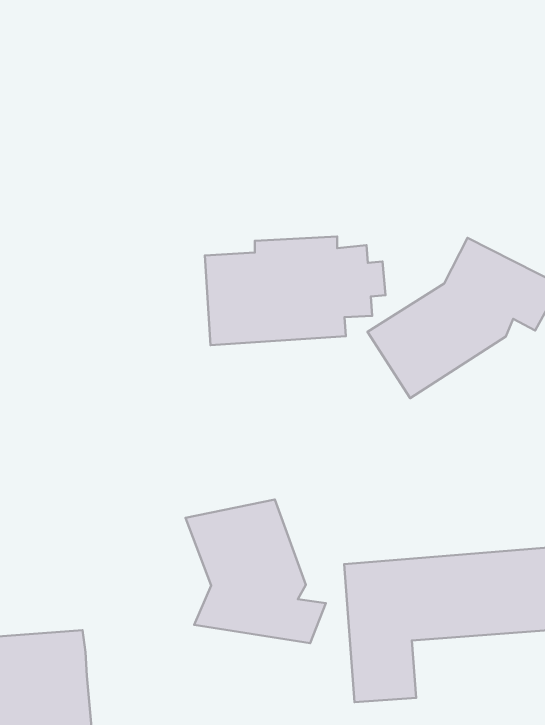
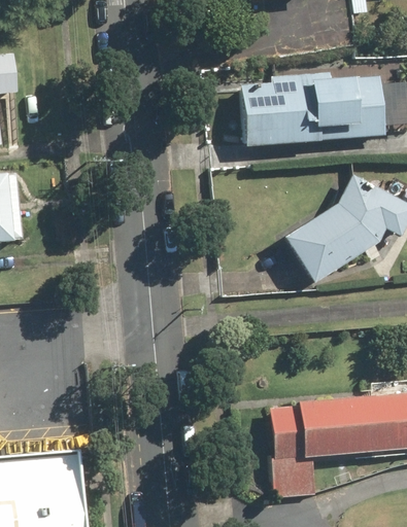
building: [205,236,386,345] -> [238,72,365,148]
building: [186,500,326,643] -> none

